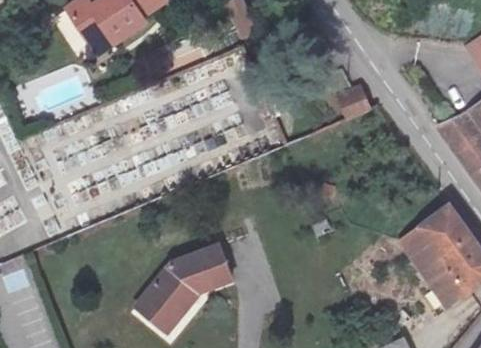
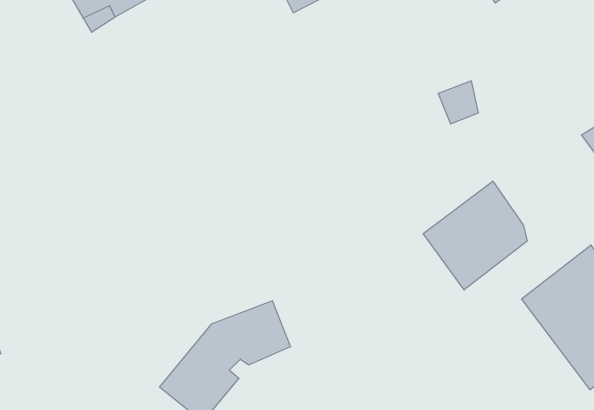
building: none -> [423,181,527,290]

